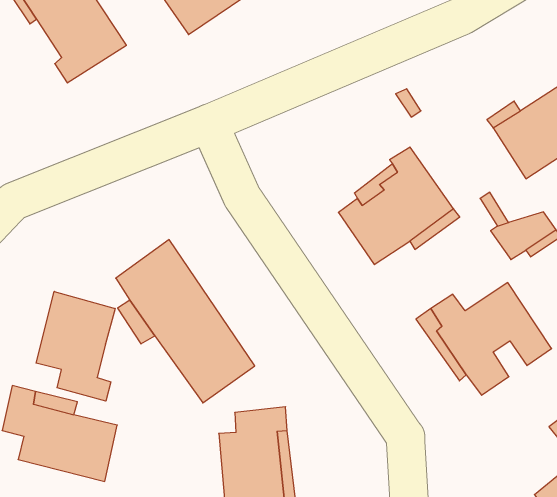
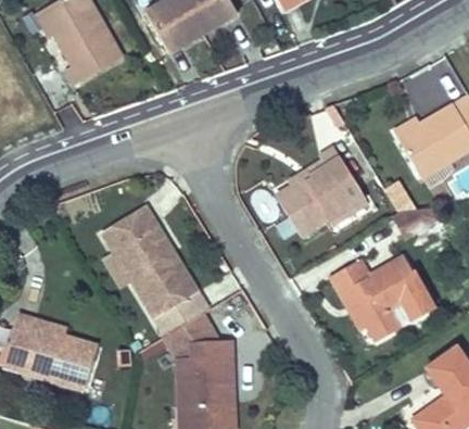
building: [36,291,115,401] -> none

